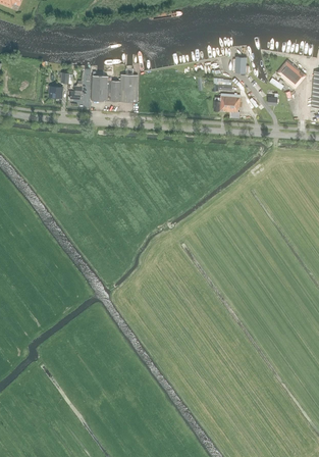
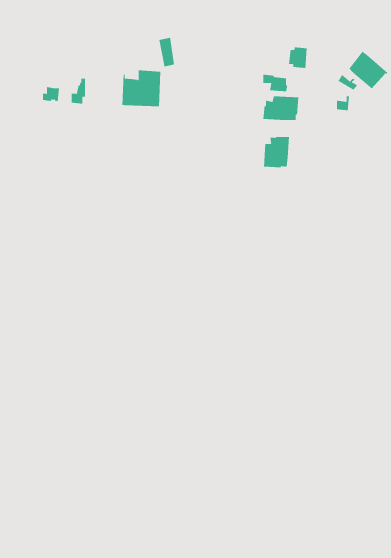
building: [91,75,109,101] -> none
building: none -> [263,136,289,168]

